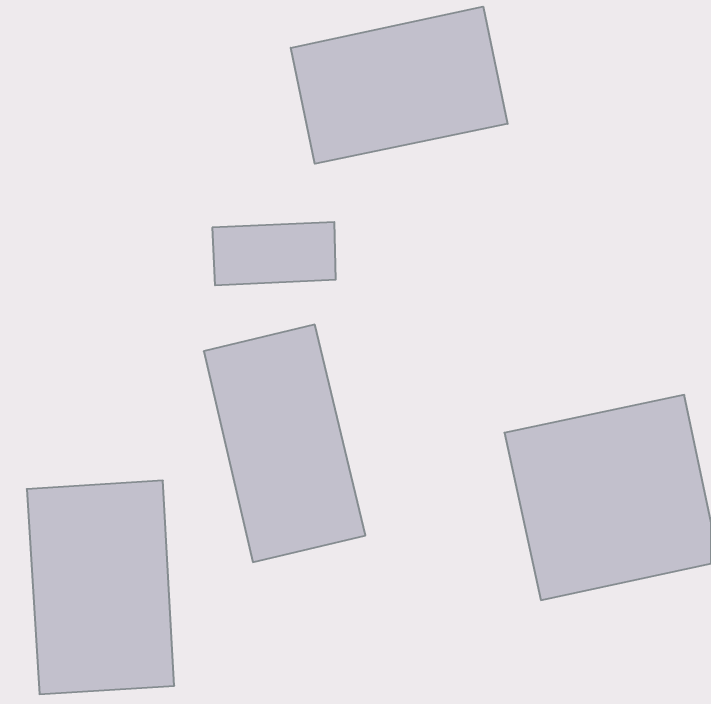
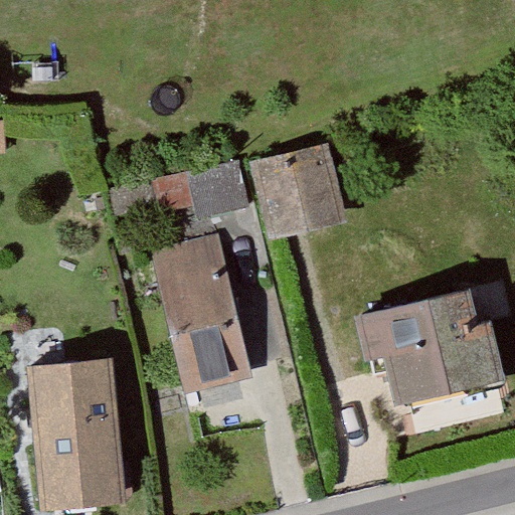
building: [291,7,508,164] -> none
building: none -> [249,148,353,258]

